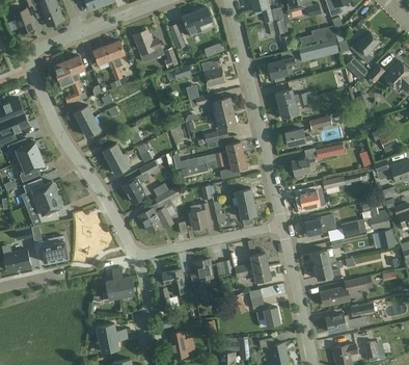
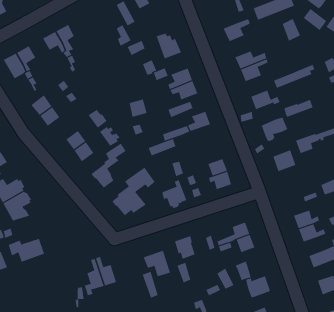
building: [133,29,164,61] -> none
building: [219,154,246,179] -> none
building: [304,213,335,235] -> none

